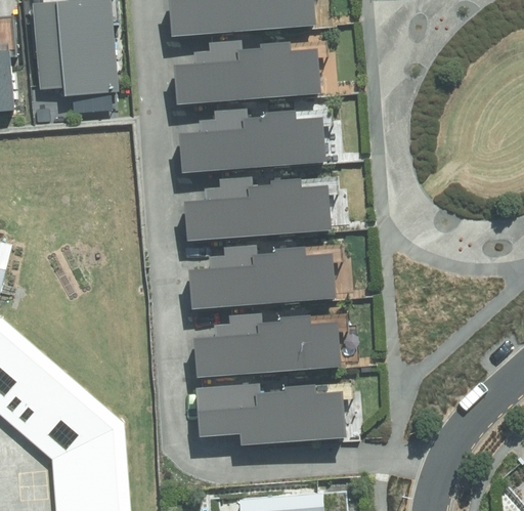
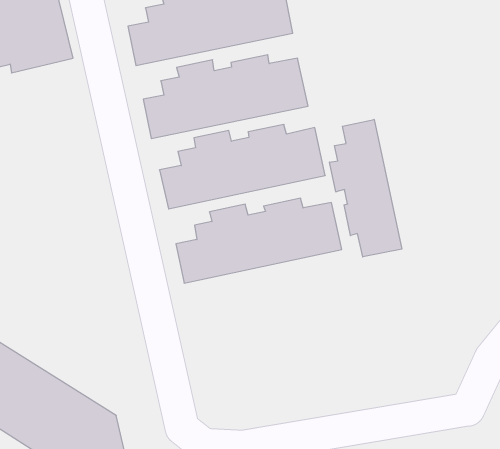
building: none -> [330,119,402,257]
building: [195,313,345,377] -> none
building: [195,384,348,445] -> none

